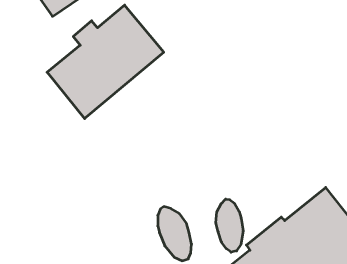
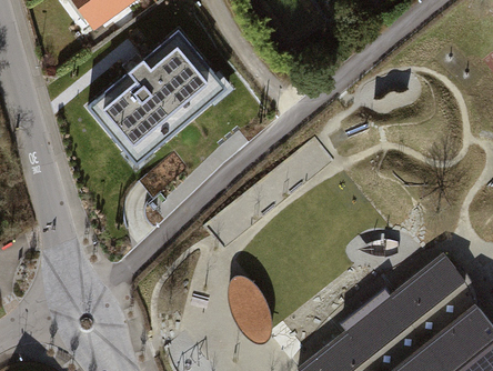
building: [216,199,243,252] -> none

